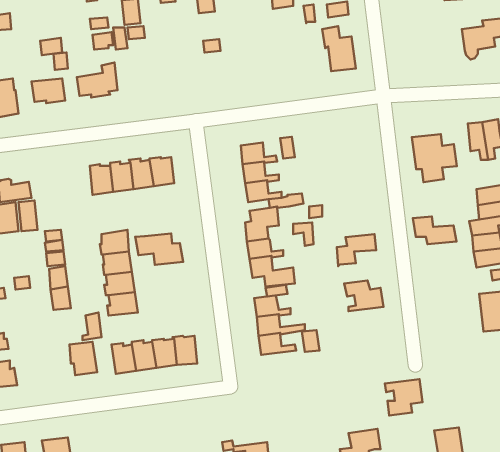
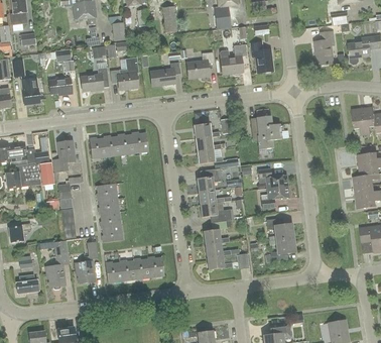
building: none -> [314,31,335,66]
building: none -> [220,43,247,74]
building: none -> [186,51,214,78]
building: none -> [111,56,139,90]
building: none -> [150,63,180,86]
building: [412,134,457,182] -> [251,116,282,149]
building: none -> [53,140,76,172]
building: [413,217,456,244] -> [257,168,287,188]
building: [135,233,183,265] -> none
building: none -> [46,240,69,289]
building: [385,379,422,415] -> [269,236,295,261]

